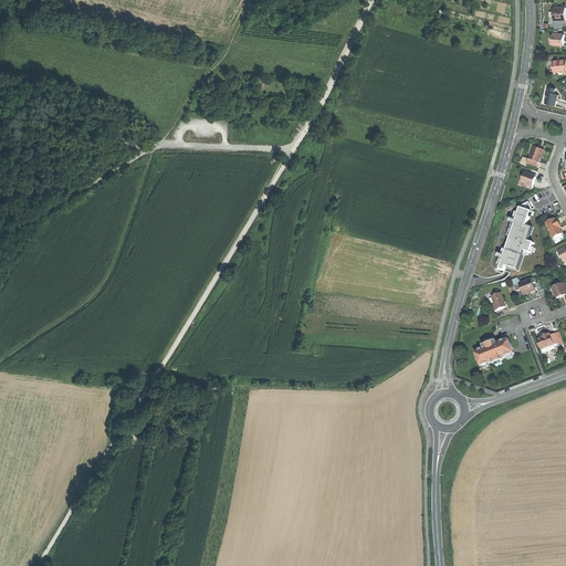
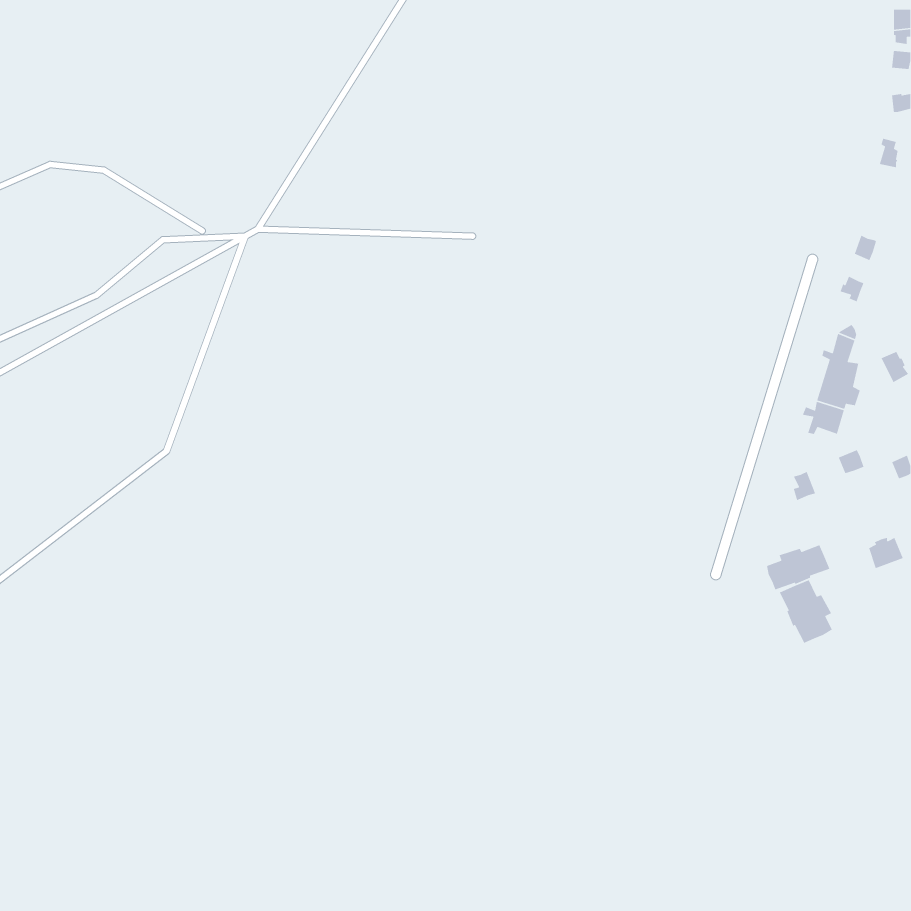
building: none -> [779,579,833,644]

